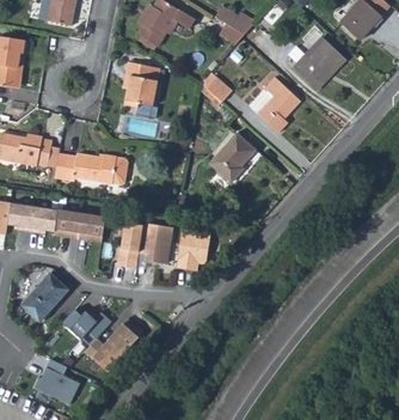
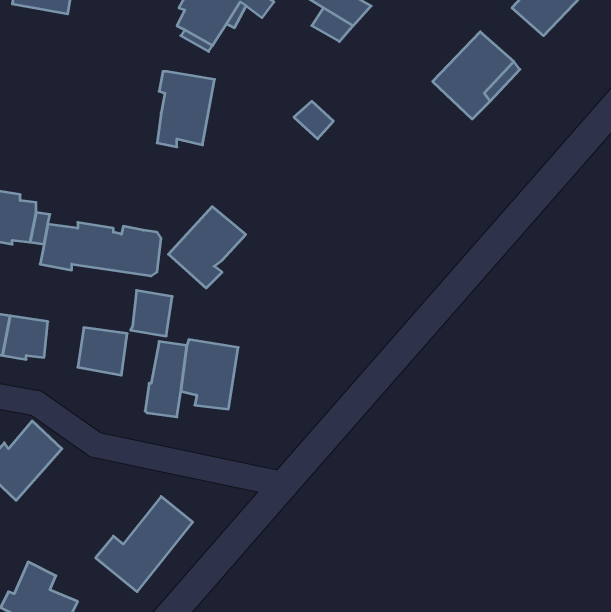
building: [257,77,299,133] -> none
building: [208,133,254,182] -> [168,207,246,288]
building: [55,212,80,239] -> [131,290,172,336]
building: [171,232,205,274] -> none
building: [59,308,108,337] -> none

